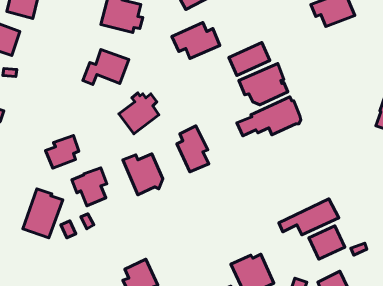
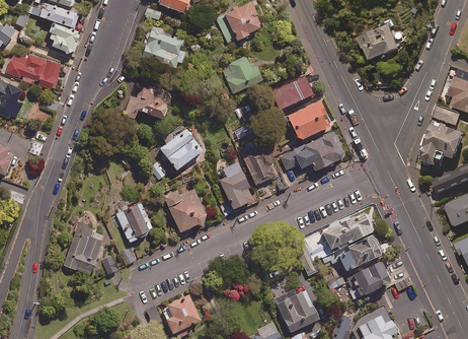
building: none -> [240,141,276,184]
building: [46,135,79,168] -> none
building: none -> [303,212,372,260]

